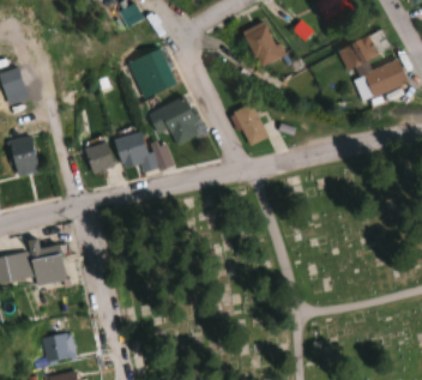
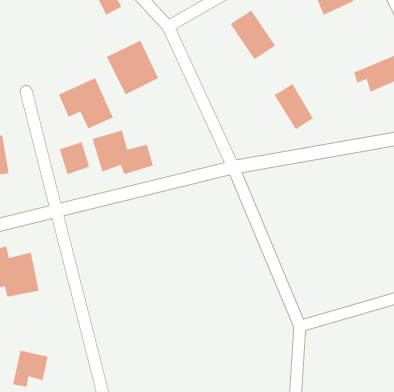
building: [338,35,379,72] -> none
building: [150,97,201,145] -> [58,77,114,129]
building: [233,103,270,146] -> [273,83,314,130]

